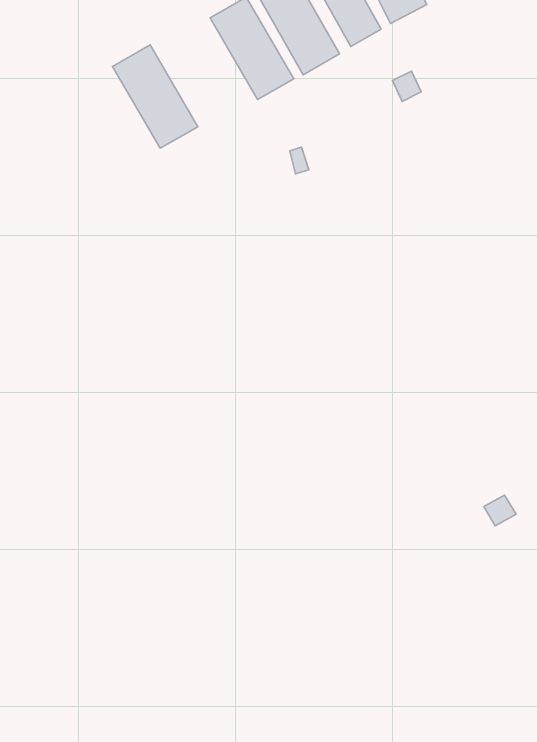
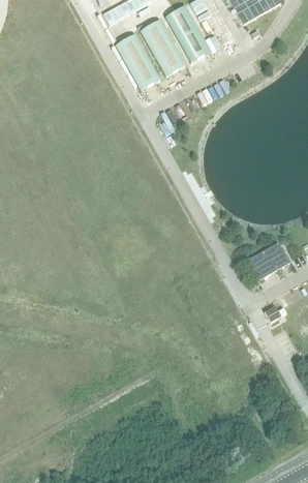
building: [113,45,198,148] -> none
building: none -> [245,241,289,280]

